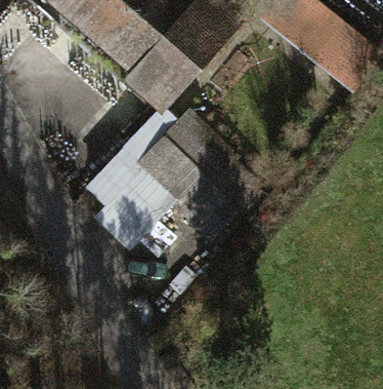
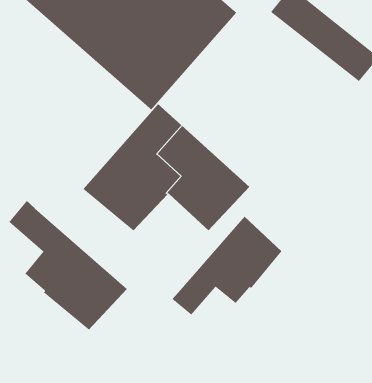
building: none -> [9,200,128,331]
building: none -> [172,216,282,316]

